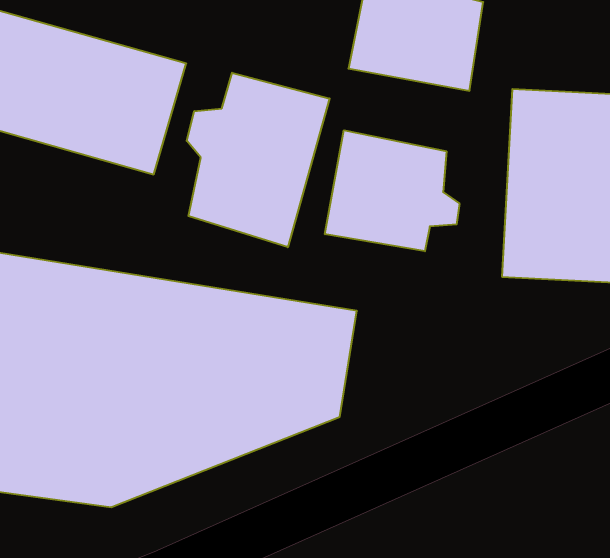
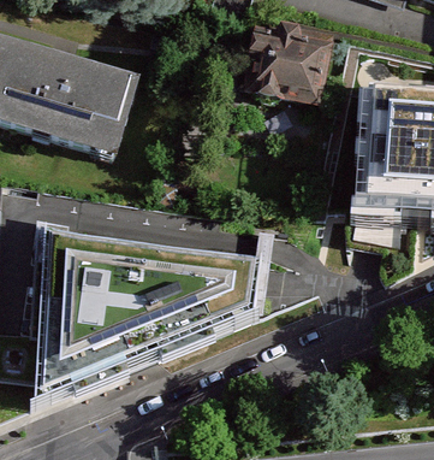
building: [187,73,330,247] -> none
building: [325,130,459,251] -> none

